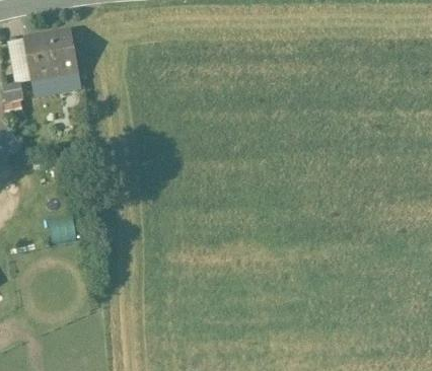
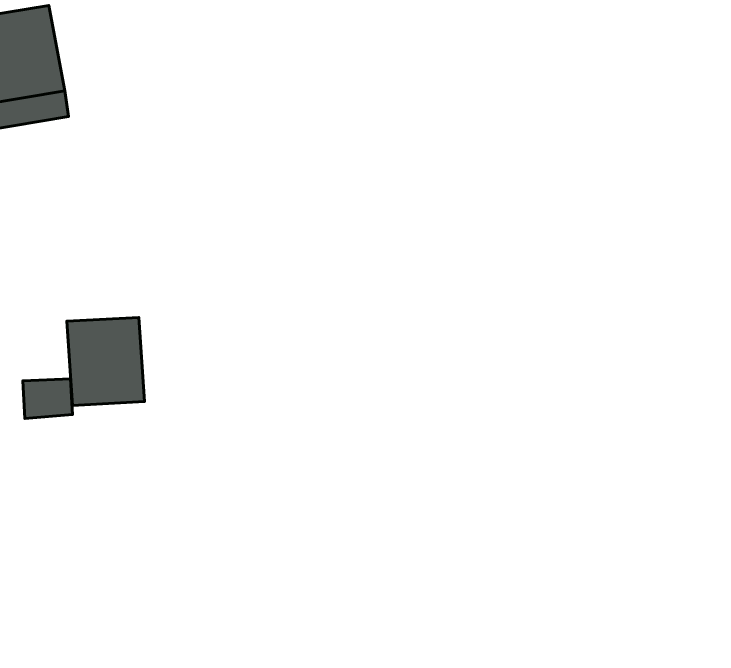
building: none -> [67,317,145,405]

